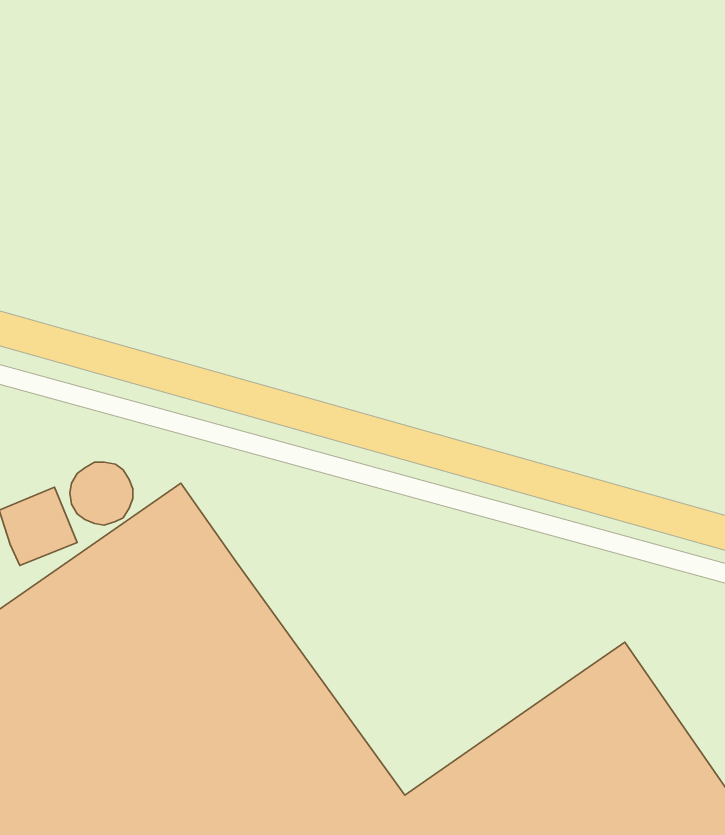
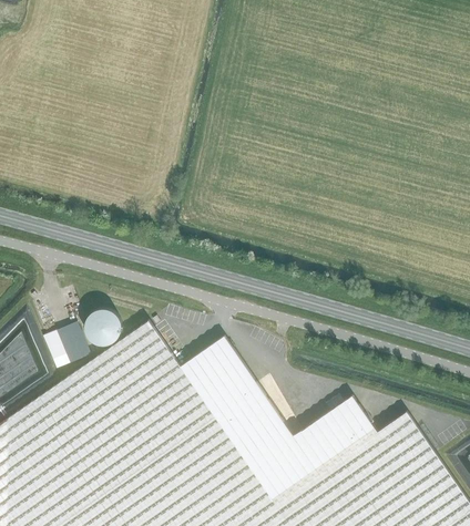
building: none -> [181,336,377,501]

